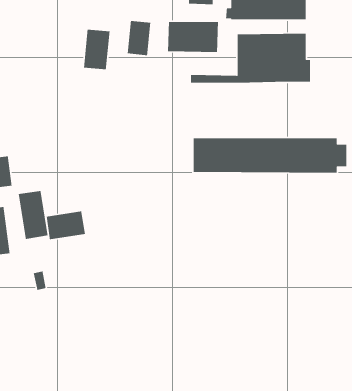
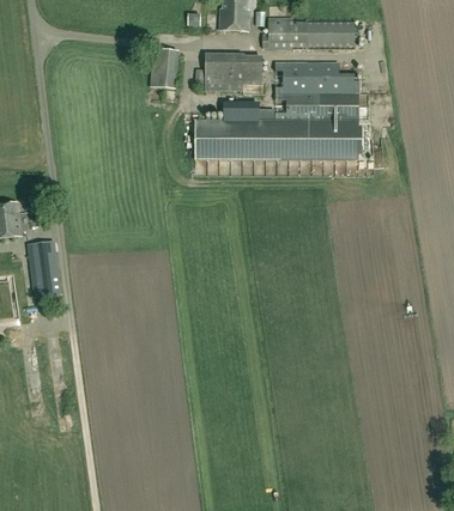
building: [83,29,110,70] -> none
building: [193,138,347,173] -> [195,120,370,160]
building: [46,211,86,240] -> none

